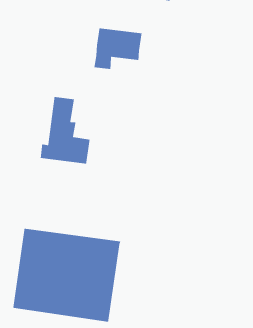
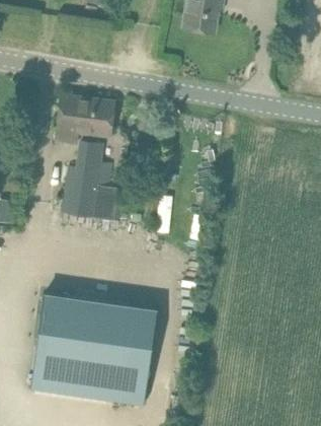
building: [94,28,143,70] -> [57,96,113,145]

